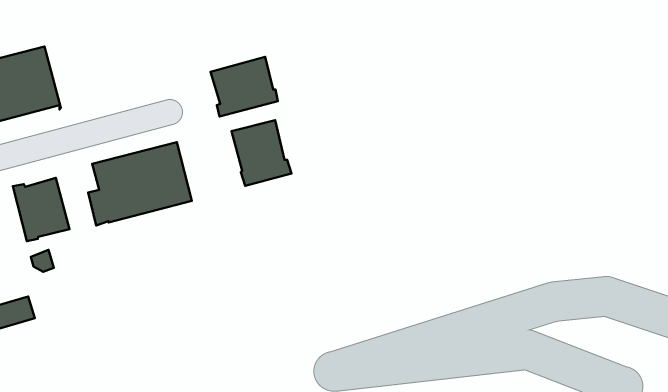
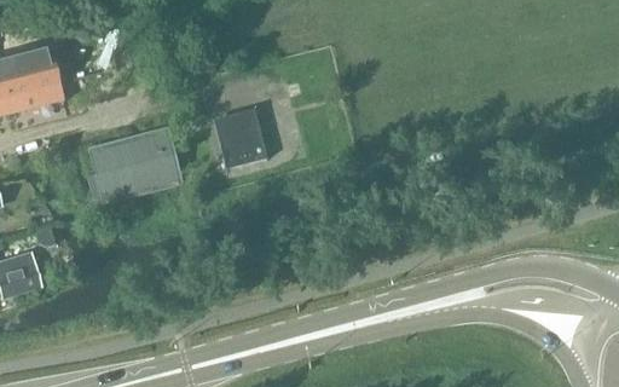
building: [210,57,278,117] -> none
building: [13,178,70,241] -> none

